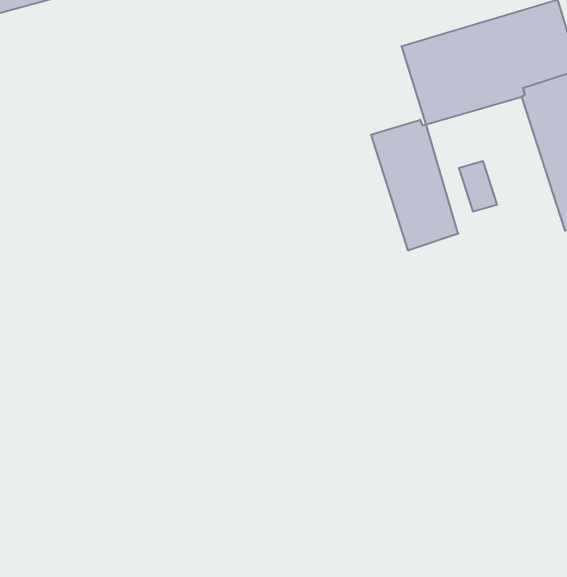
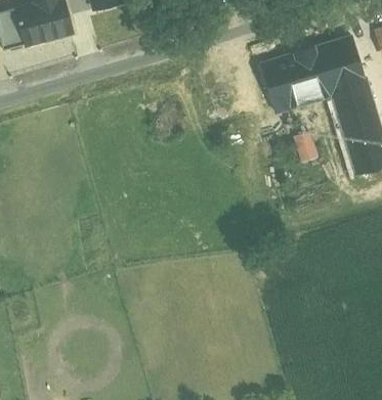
building: [371,120,458,251] -> none

